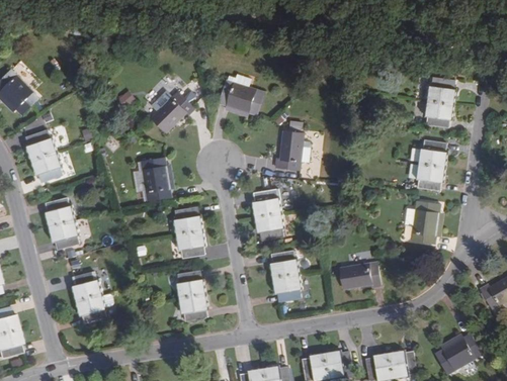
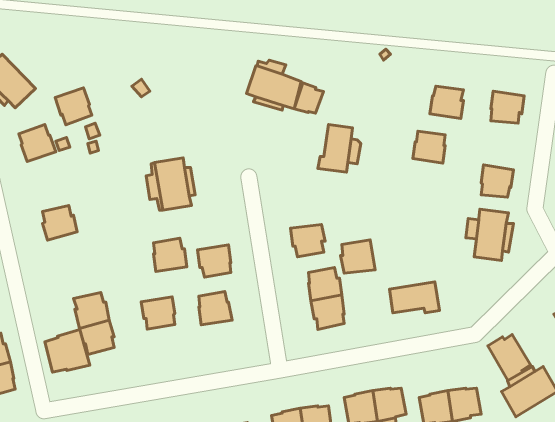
building: [427,77,455,104] -> [430,86,463,118]
building: [150,91,194,132] -> none
building: none -> [294,83,323,113]
building: [419,139,446,167] -> [413,131,445,163]
building: [31,152,63,183] -> [55,88,92,125]
building: [252,188,281,216] -> [341,240,375,273]
building: [174,206,202,234] -> [154,238,187,272]
building: [49,219,78,250] -> none
building: [179,294,207,321] -> [141,297,175,329]
building: none -> [45,330,90,372]
building: none -> [488,335,530,381]

